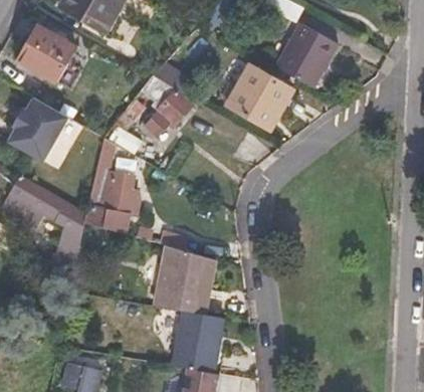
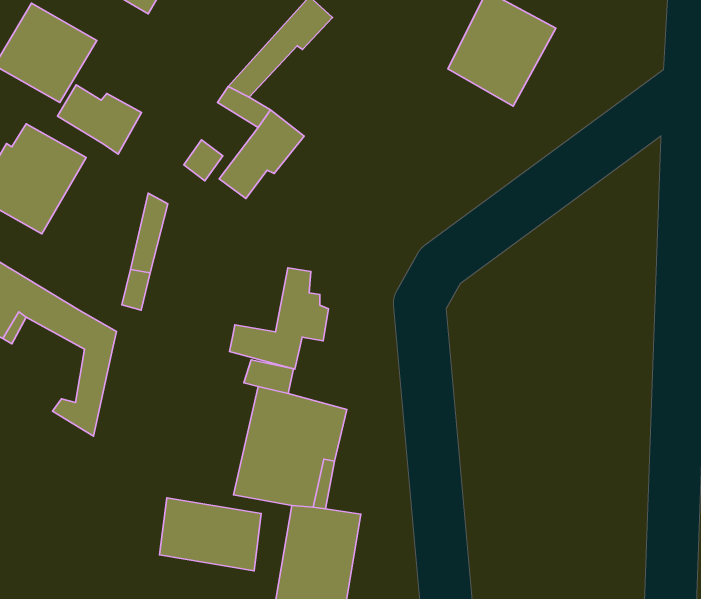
building: [227,67,293,129] -> none
building: none -> [57,85,142,154]
building: [84,176,141,233] -> [229,268,329,369]
building: none -> [159,498,261,571]

